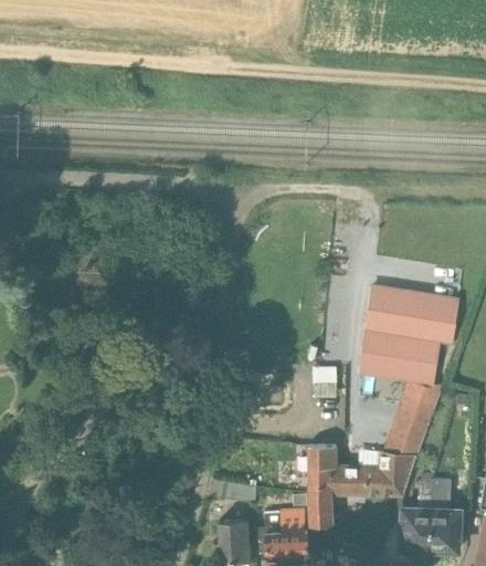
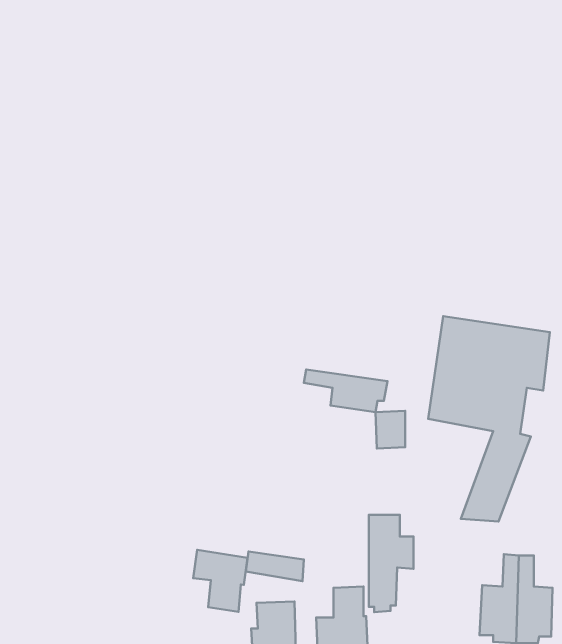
building: none -> [304,369,387,412]
building: [346,452,415,494] -> none
building: none -> [193,550,248,612]

